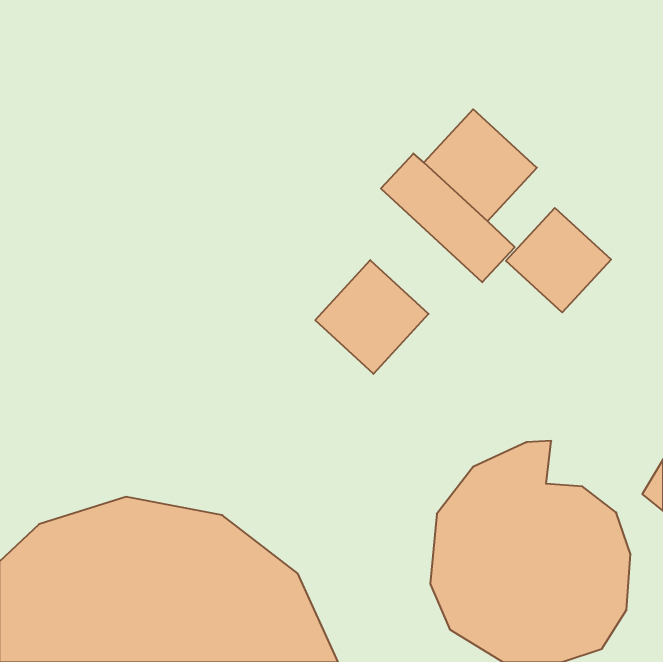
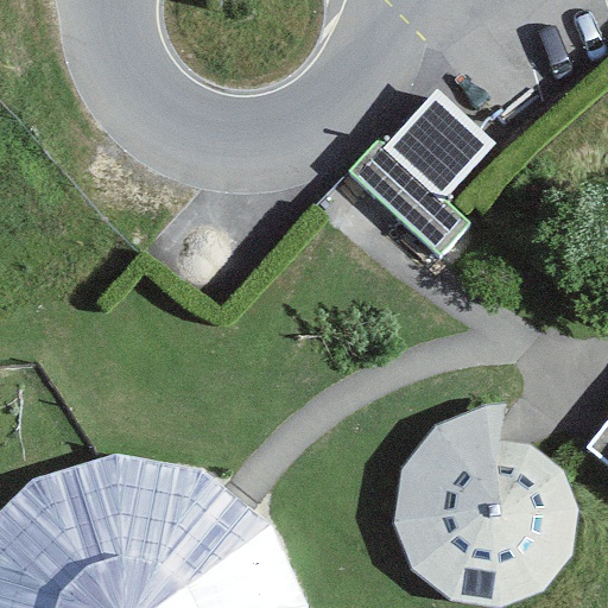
building: [506,208,611,312] -> none
building: [315,260,429,374] -> none

